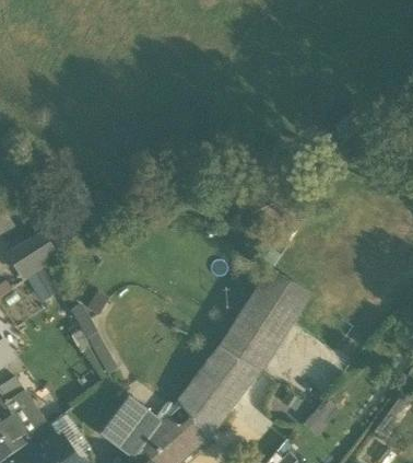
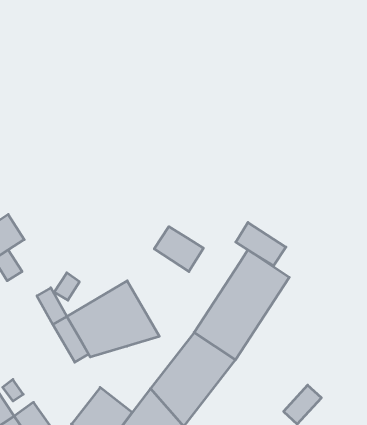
building: none -> [236,222,286,266]
building: none -> [154,227,203,272]
building: none -> [67,281,159,357]

